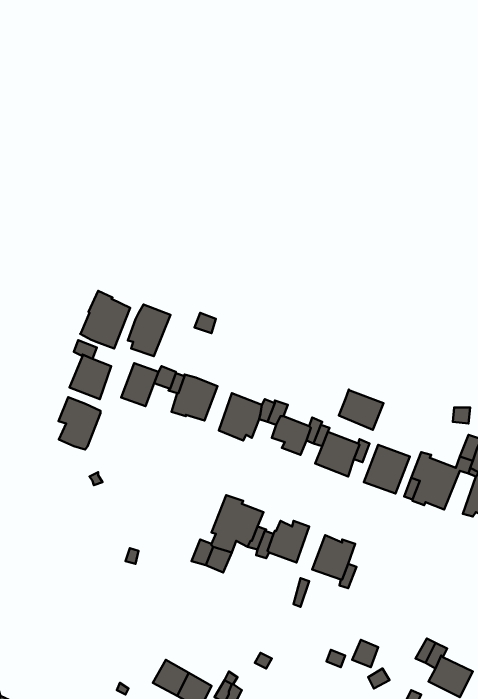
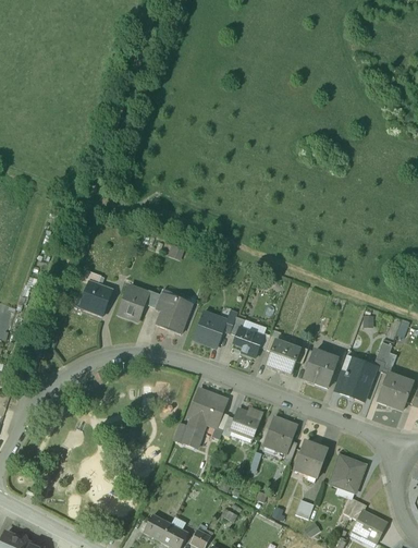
building: [80,291,130,348] -> none
building: [128,305,170,356] -> none
building: [339,389,384,430] -> none
building: [59,397,101,449] -> none
building: none -> [294,440,327,477]
building: none -> [329,454,365,491]

